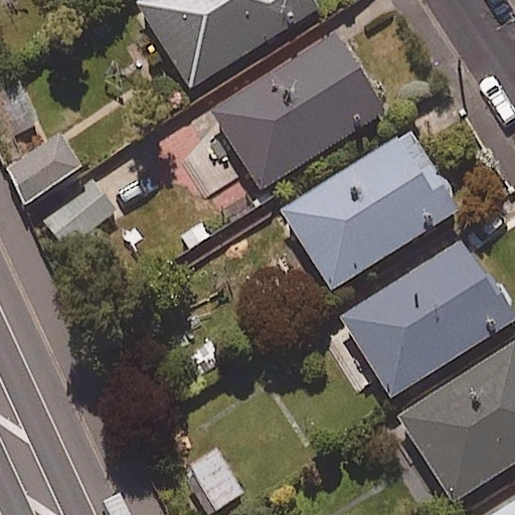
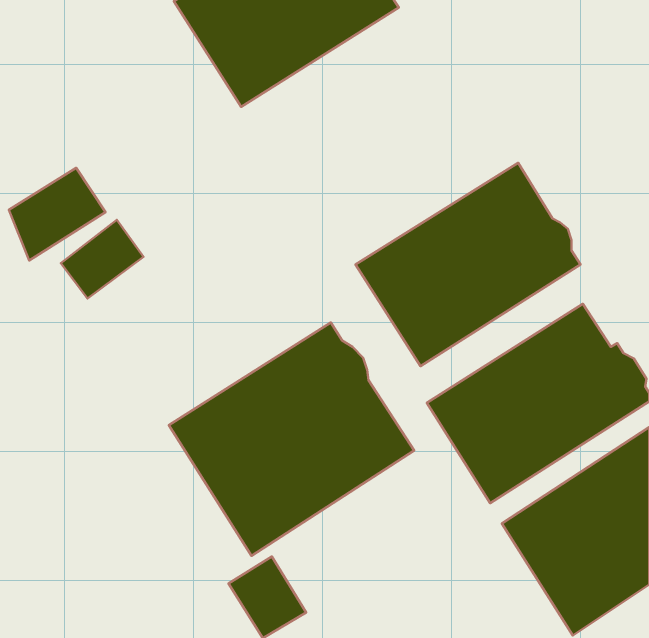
building: [210,33,386,190] -> none
building: none -> [169,322,414,556]

